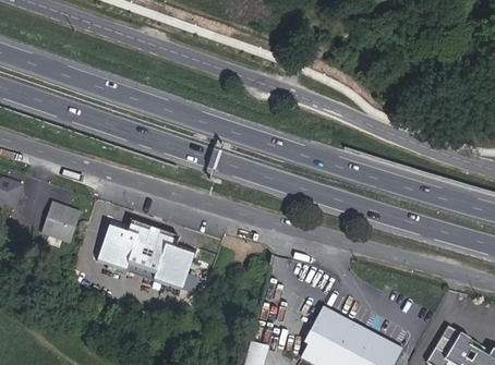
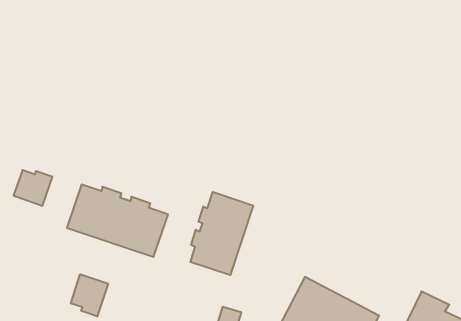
building: none -> [190,192,253,275]
building: none -> [71,274,108,317]

